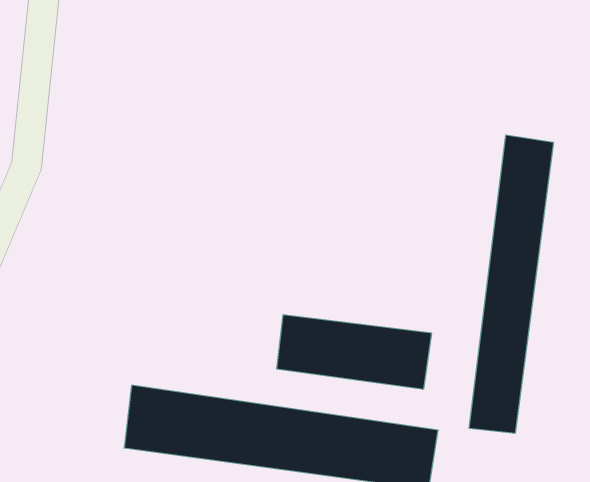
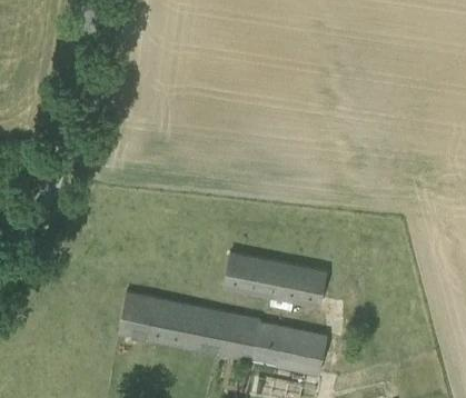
building: [469,135,554,433] -> none

